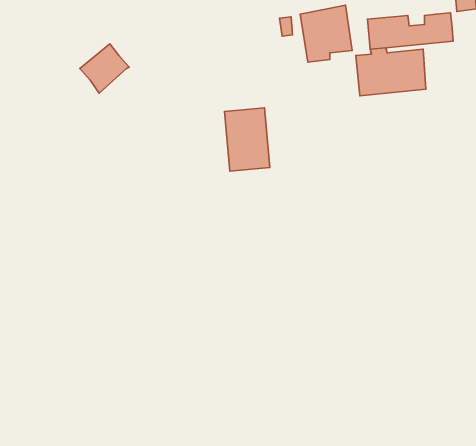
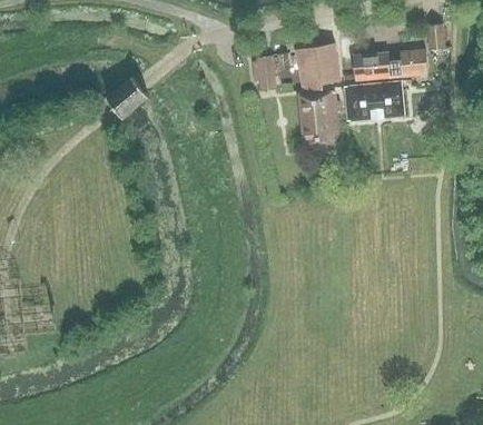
building: none -> [256,56,277,90]
building: [224,108,270,171] -> [299,92,338,147]

